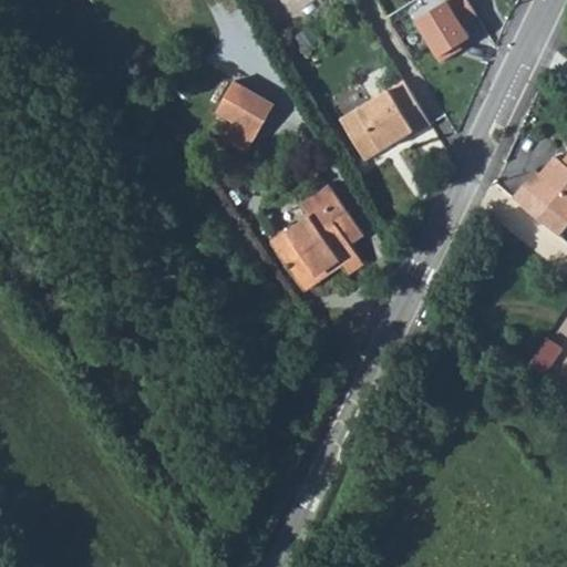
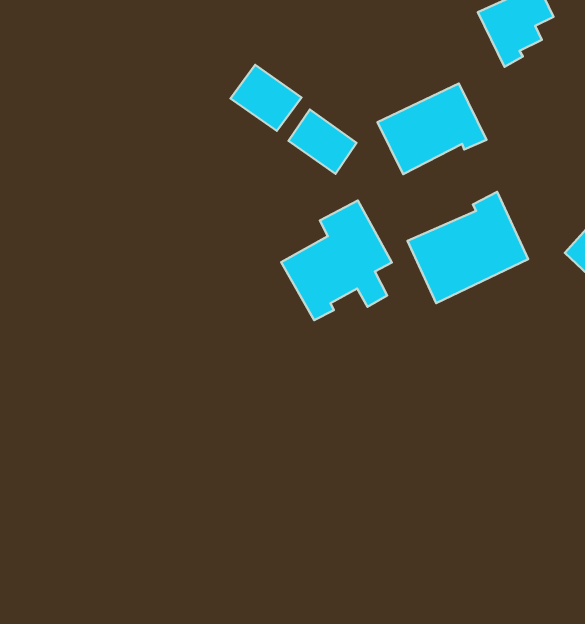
building: none -> [289,110,357,174]
building: none -> [408,192,528,303]

